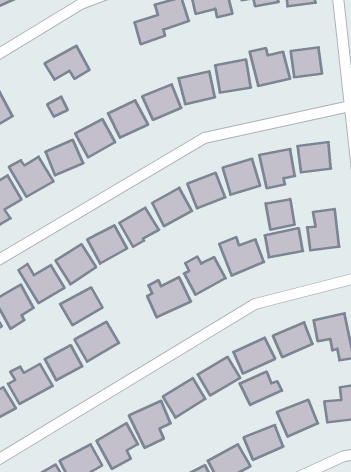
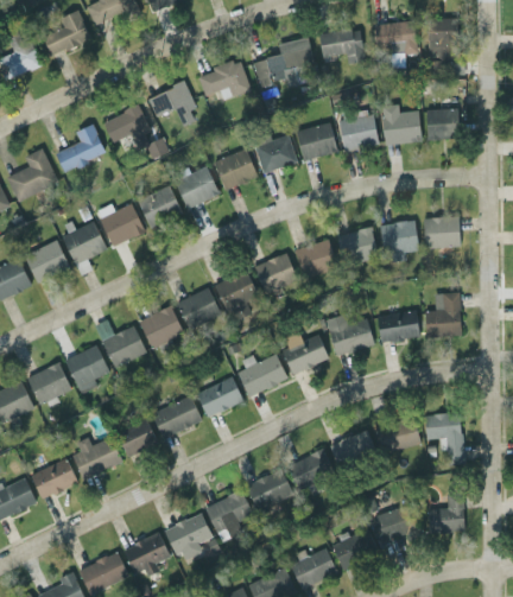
building: none -> [198,59,251,100]
building: none -> [102,104,151,146]
building: [266,199,294,230] -> none
building: [60,288,102,325] -> [196,377,243,418]
building: [240,372,282,405] -> none

